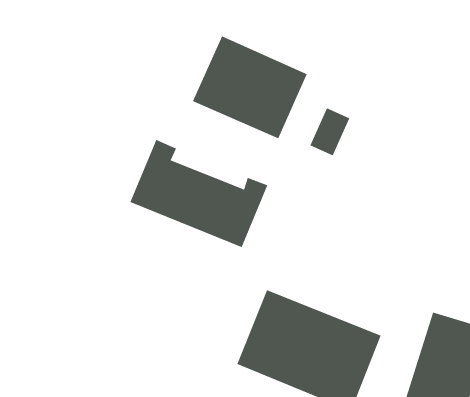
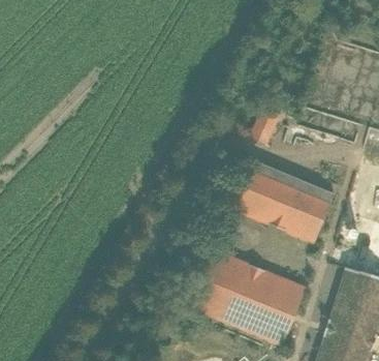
building: [192,35,307,139] -> none
building: [130,139,268,248] -> [225,157,335,243]

